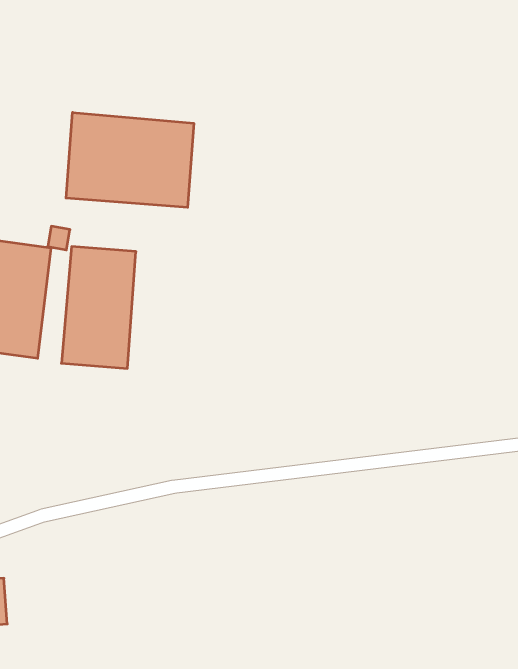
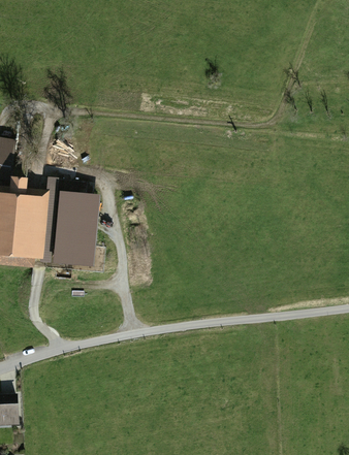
building: [66,112,194,207] -> none

